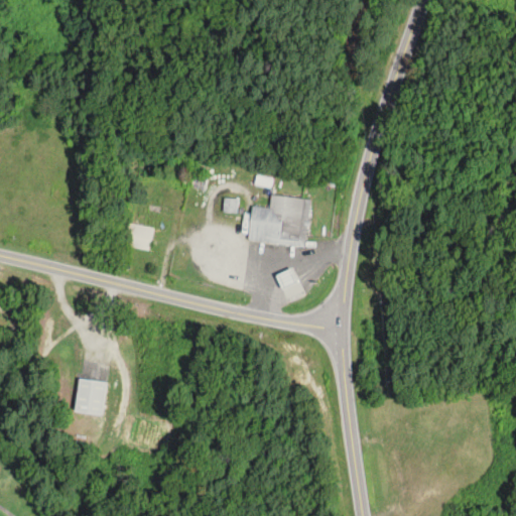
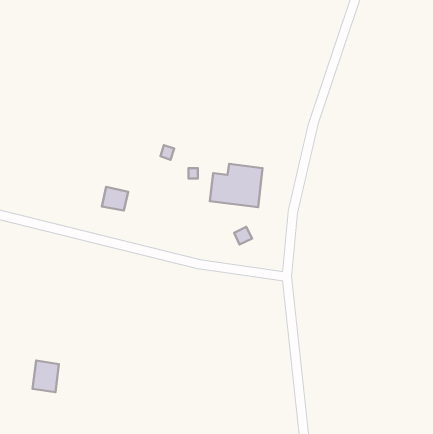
building: [74,379,105,416] -> [33,361,59,392]

